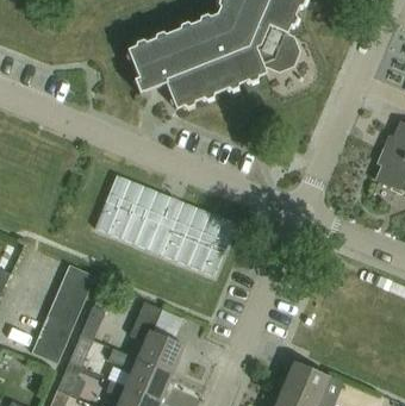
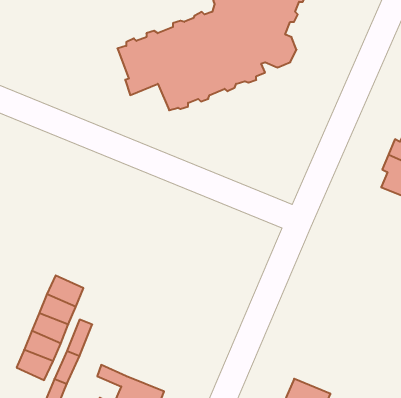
building: [95,175,235,275] -> none
building: [130,301,185,373] -> none

